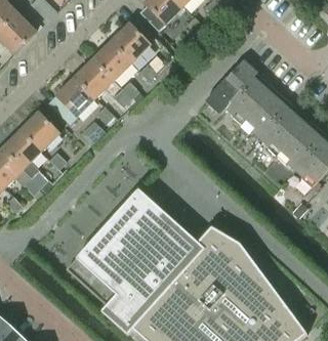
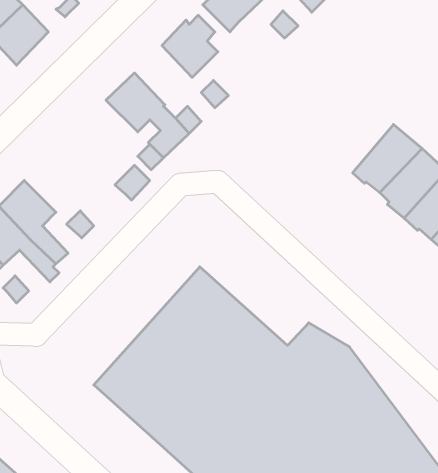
building: [93,39,132,79] -> none
building: [205,59,269,125] -> none
building: [48,76,95,122] -> none
building: [18,112,59,152] -> none

